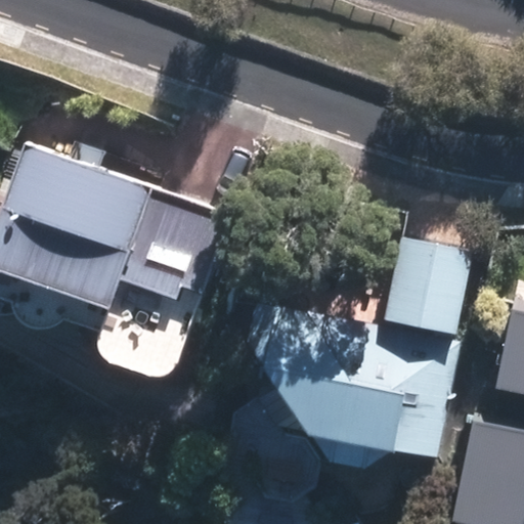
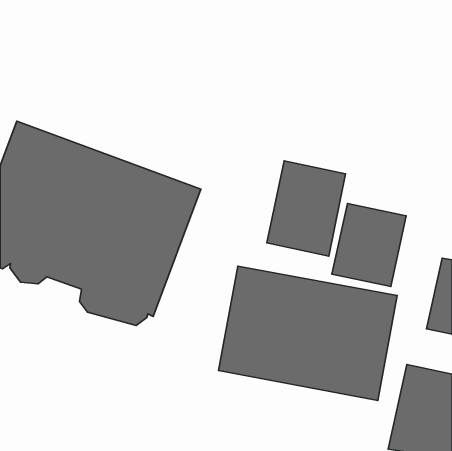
building: none -> [267,161,345,256]

